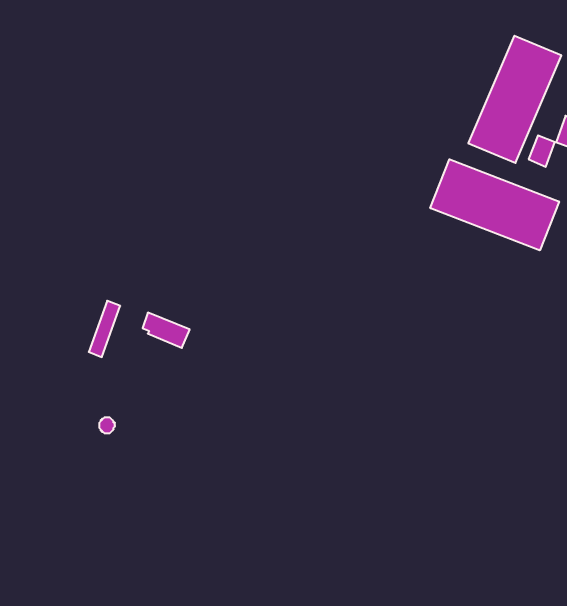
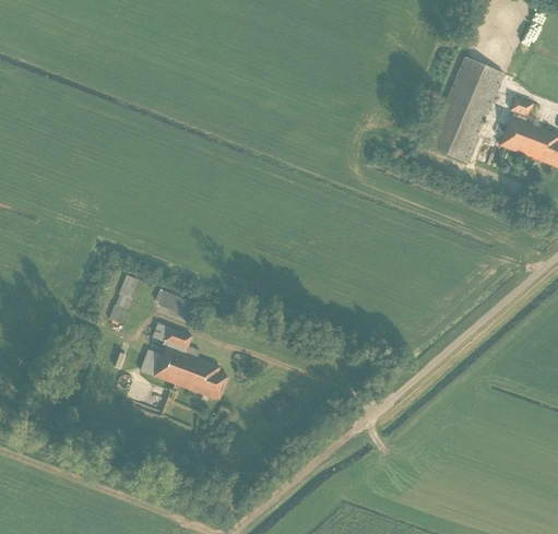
building: [430,159,559,250] -> none
building: none -> [140,323,227,399]

